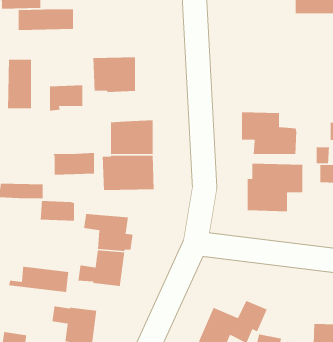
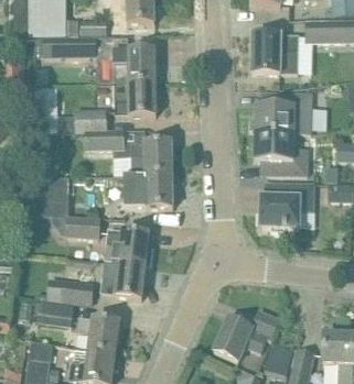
building: none -> [251,33,299,74]
building: none -> [114,48,155,83]
building: none -> [250,91,313,134]
building: [53,152,95,175] -> [84,128,124,150]
building: none -> [32,300,74,325]

